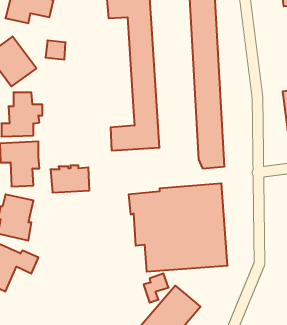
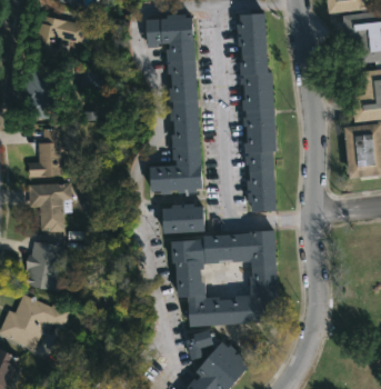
building: [50,165,89,192] -> [162,203,205,233]

